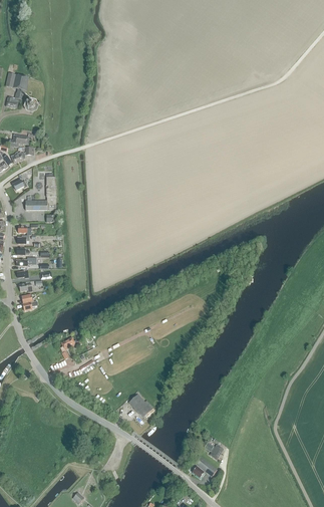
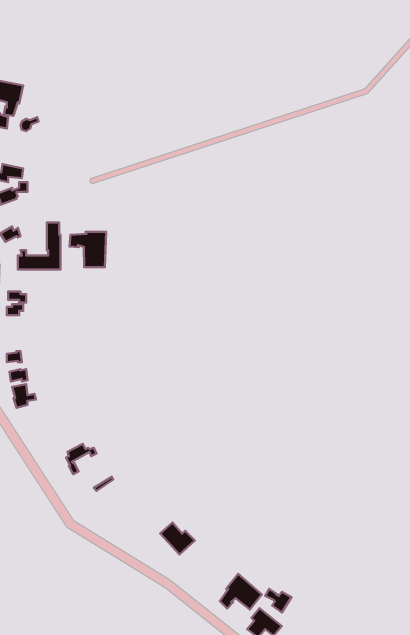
building: none -> [69,232,106,267]
building: none -> [220,574,262,609]

